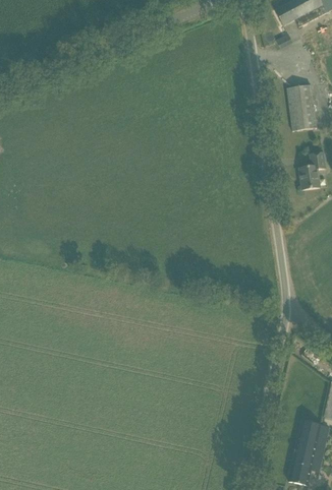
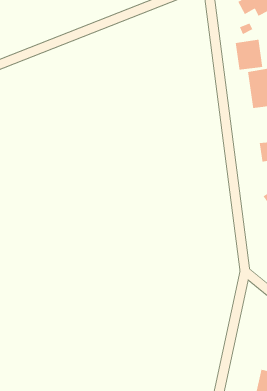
building: none -> [235,39,263,70]

